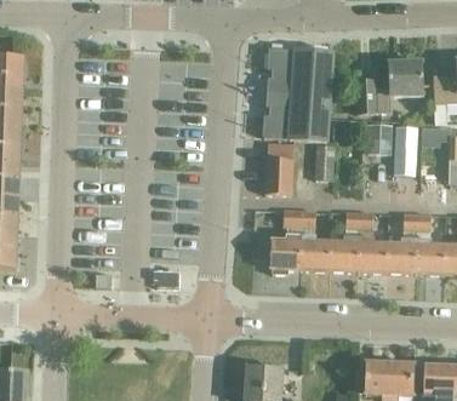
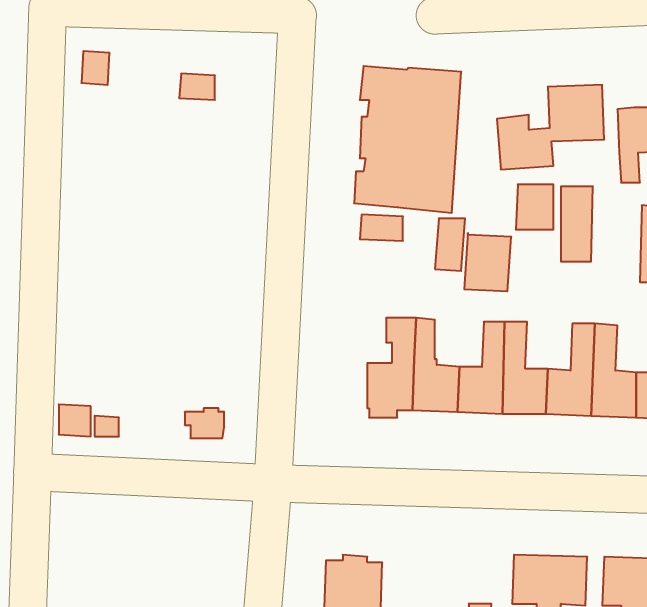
building: [264,157,295,195] -> [464,233,511,291]

